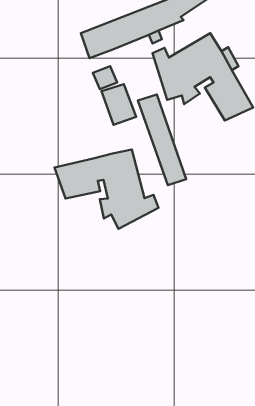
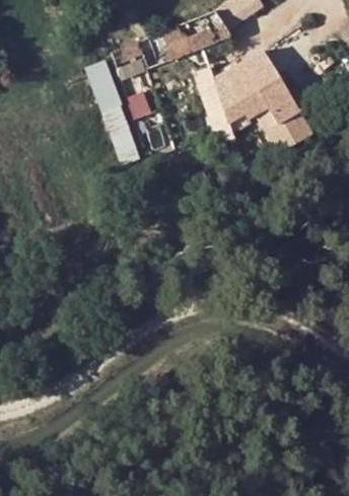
building: [138,95,186,185] -> [84,56,141,162]
building: [55,149,158,229] -> none

